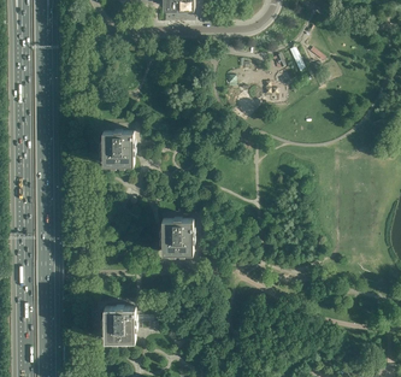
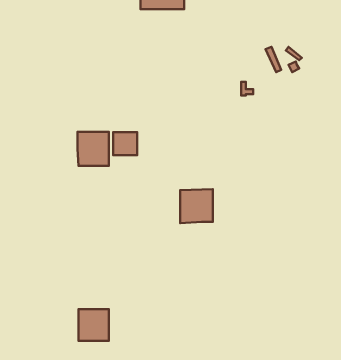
building: none -> [113,132,137,155]
building: [159,218,191,252] -> [180,189,213,223]

